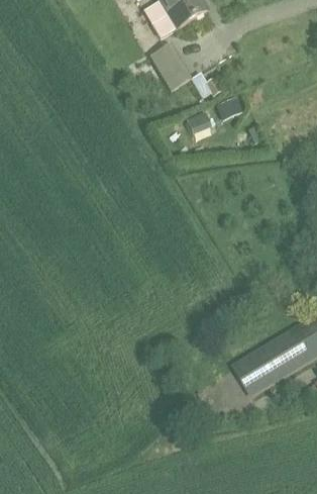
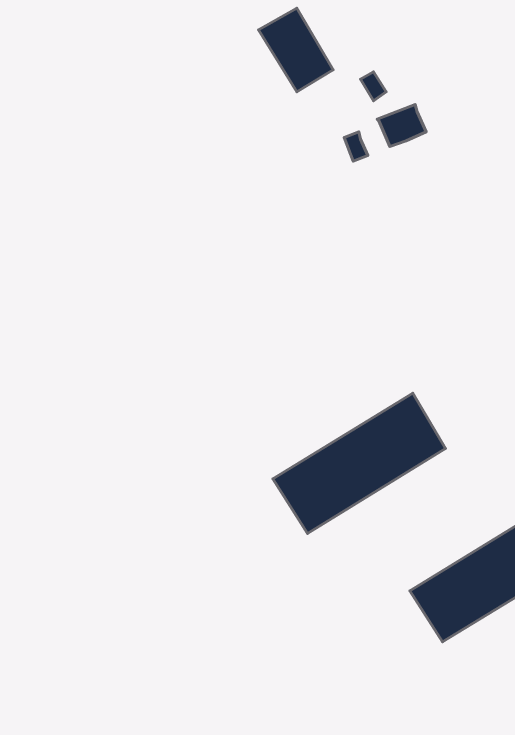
building: none -> [273,393,445,534]

